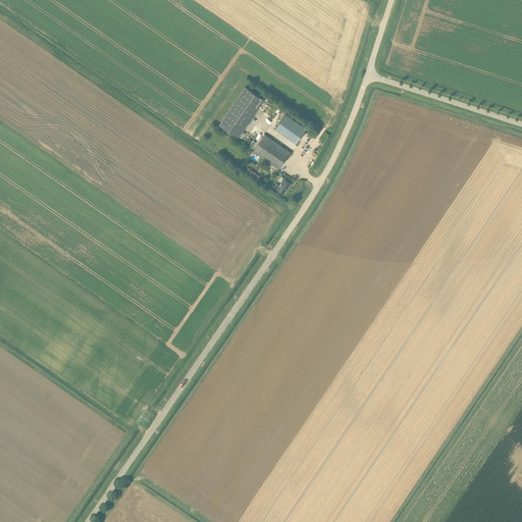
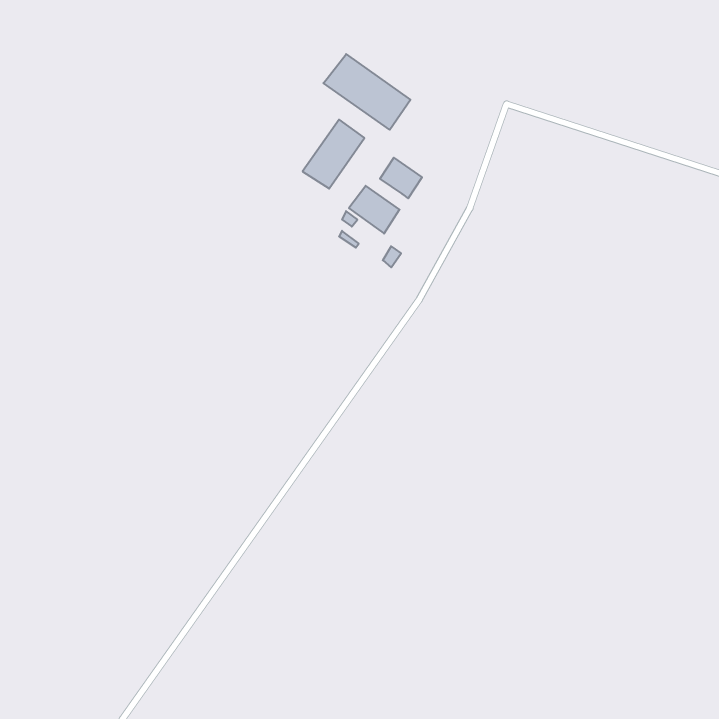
building: none -> [323,54,410,130]

